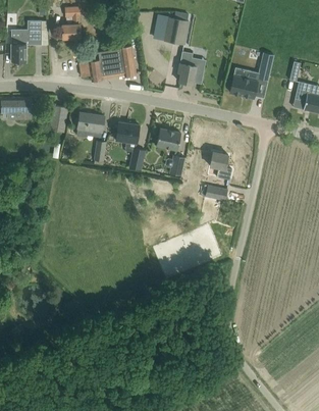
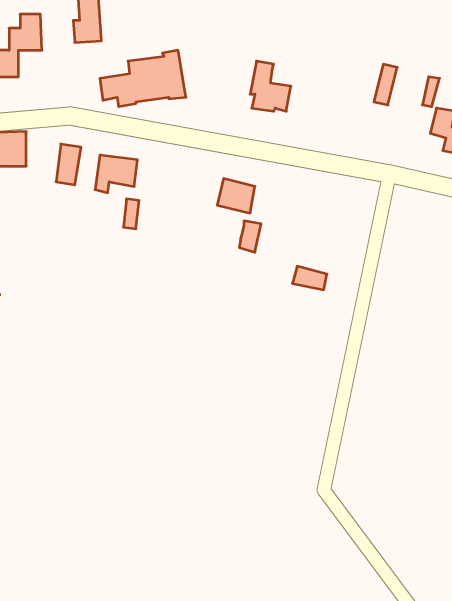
building: [164,16,189,45] -> none
building: [230,76,257,97] -> none
building: [116,121,146,169] -> none
building: [208,151,232,179] -> none

